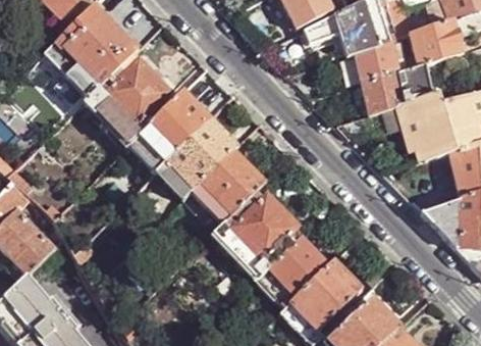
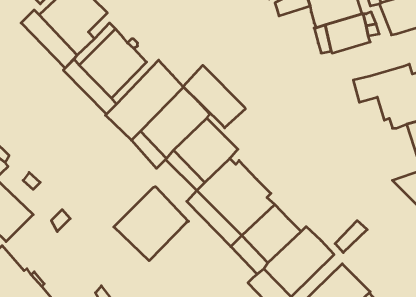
building: [353,61,434,115] -> none
building: none -> [183,65,245,128]
building: none -> [114,187,189,261]

